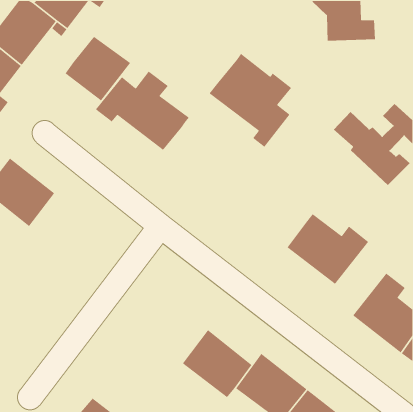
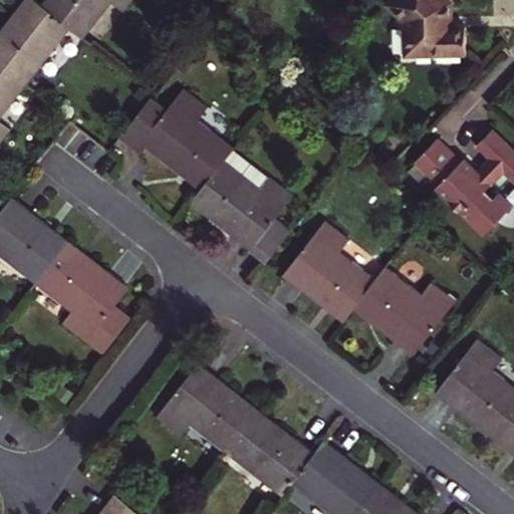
building: [65,36,131,102] -> none
building: [208,53,292,148] -> [191,154,294,271]
building: none -> [283,222,376,322]
building: none -> [36,242,132,354]
building: none -> [156,365,257,453]

